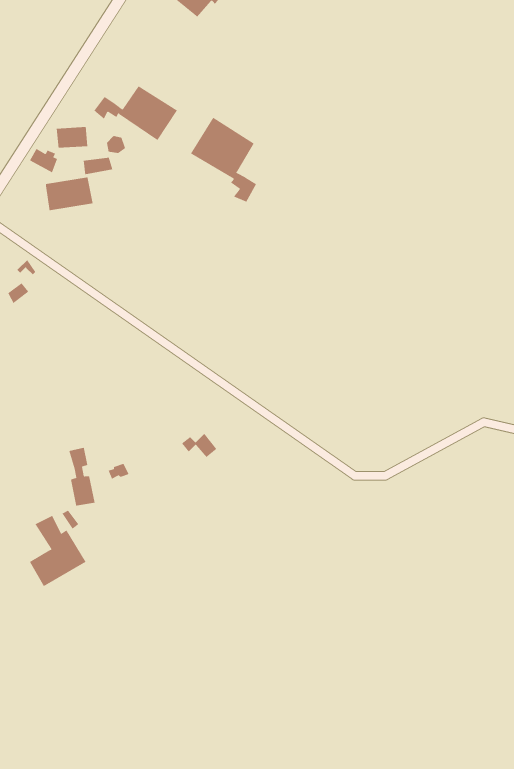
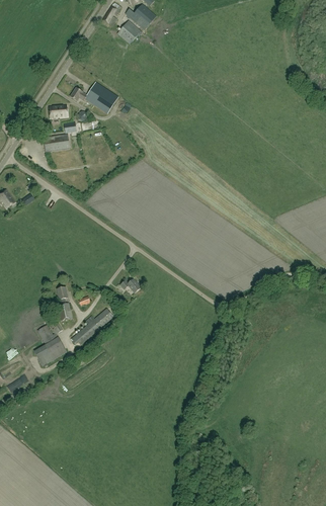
building: [190,117,257,203] -> none
building: none -> [72,308,114,346]

